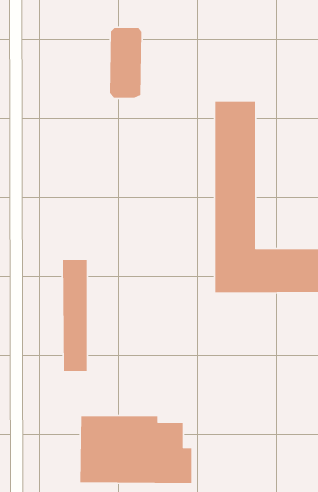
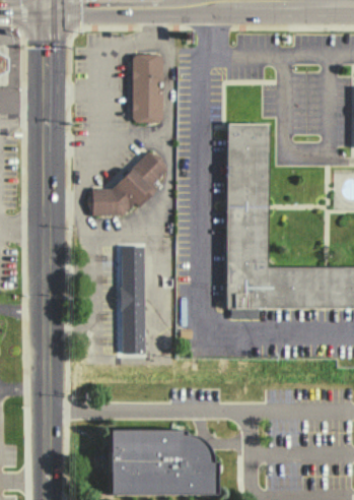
building: none -> [87,152,167,217]
building: [62,259,88,372] -> [121,248,145,356]

